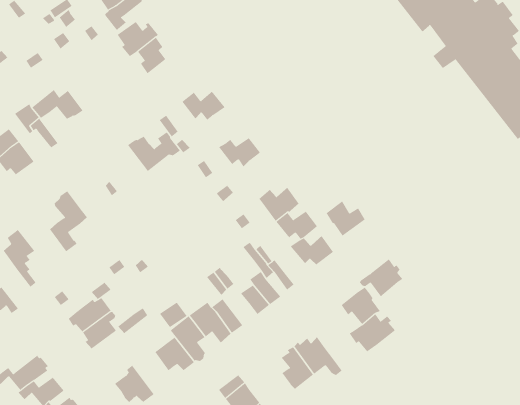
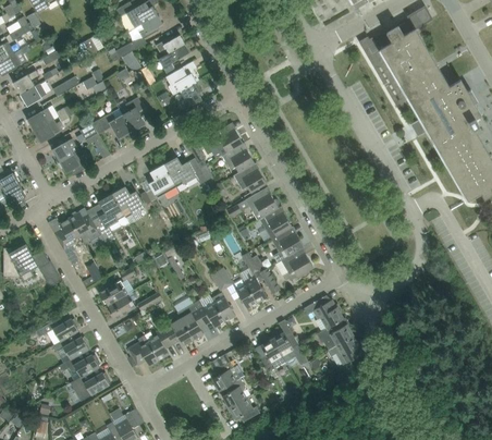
building: none -> [122,98,145,132]
building: none -> [222,149,255,172]
building: none -> [148,163,176,206]
building: none -> [246,194,280,220]
building: none -> [112,187,144,218]
building: [326,201,366,237] -> none
building: none -> [70,211,101,242]
building: [359,258,403,297] -> [328,335,362,365]
building: none -> [145,328,173,360]

